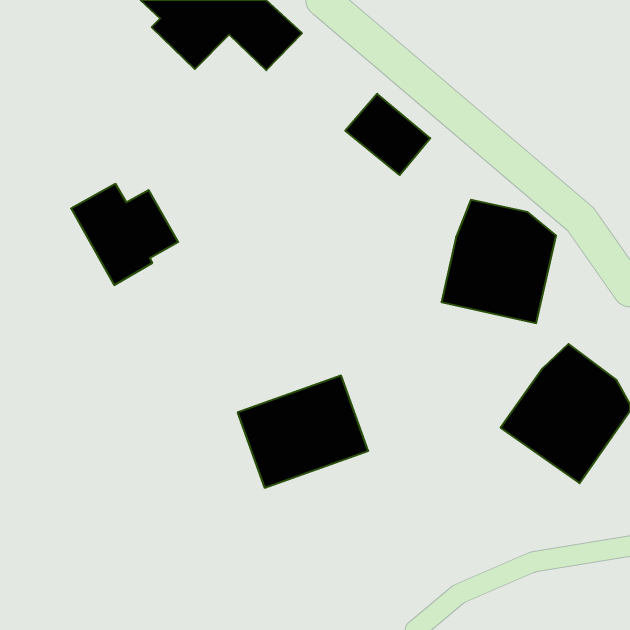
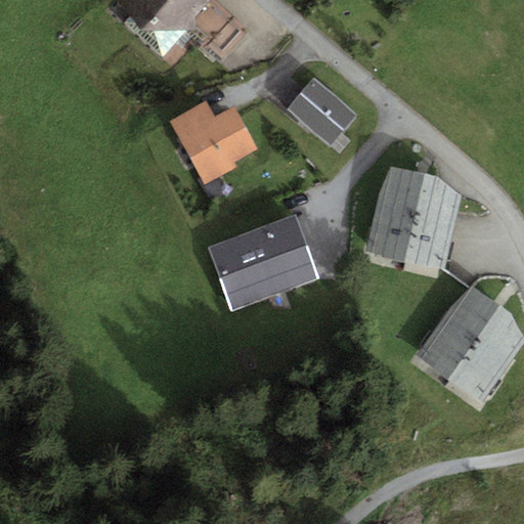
building: [71,184,178,285] -> [169,100,258,184]
building: [238,376,368,488] -> [209,215,317,308]

